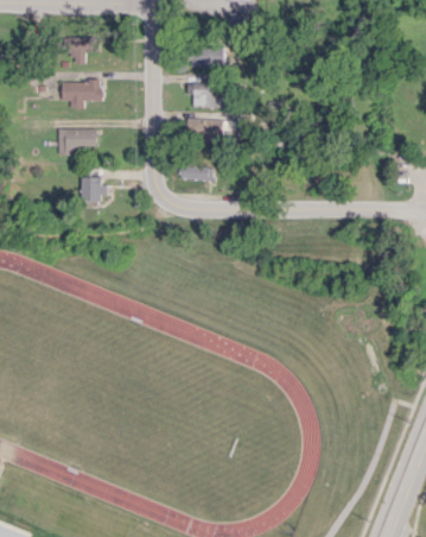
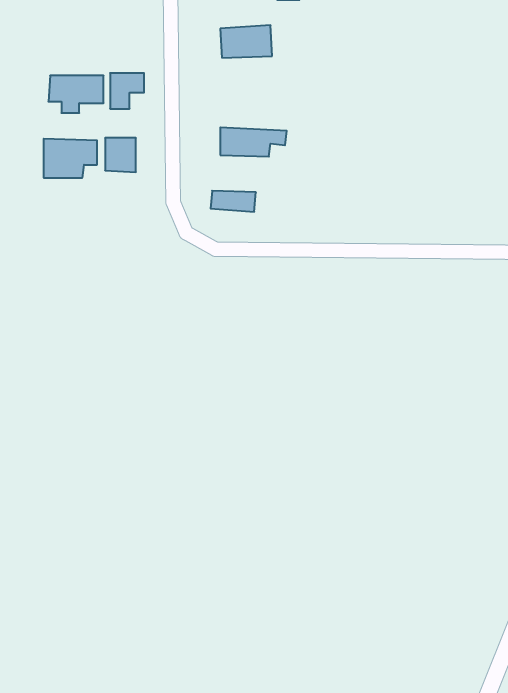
building: [71,37,96,63] -> [110,73,144,109]
building: [195,83,223,107] -> none
building: [83,177,106,202] -> [105,138,136,172]

